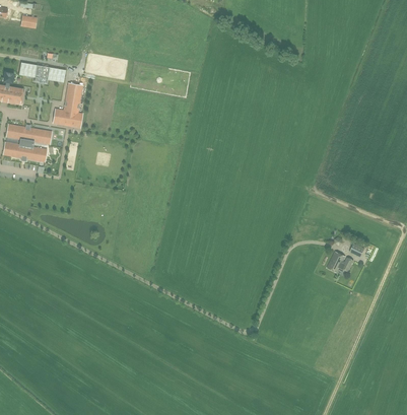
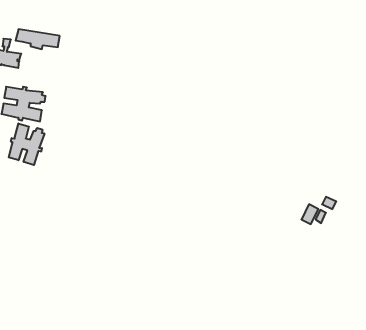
building: [57,82,82,127] -> none
building: none -> [9,123,44,165]

